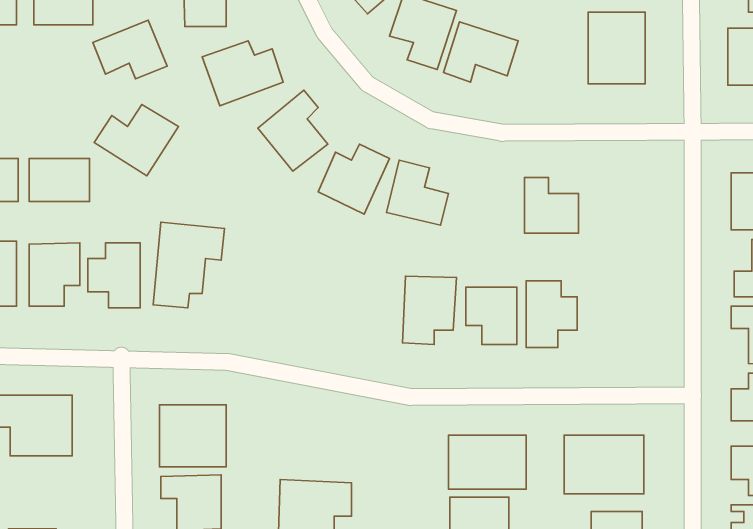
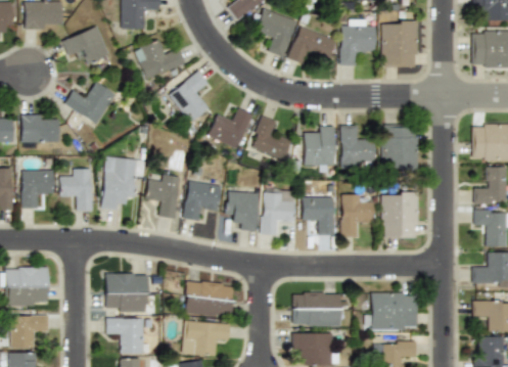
building: none -> [340,25,375,64]
building: none -> [305,126,335,166]
building: none -> [381,126,418,170]
building: none -> [145,174,182,219]
building: none -> [184,181,222,221]
building: none -> [225,191,261,231]
building: none -> [381,192,418,237]
building: none -> [183,280,235,319]
building: none -> [10,315,49,348]

